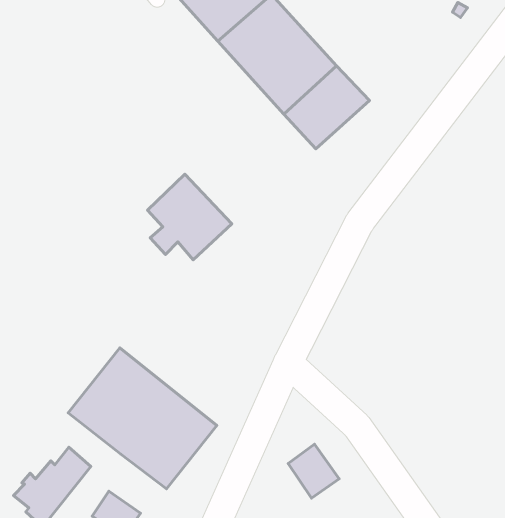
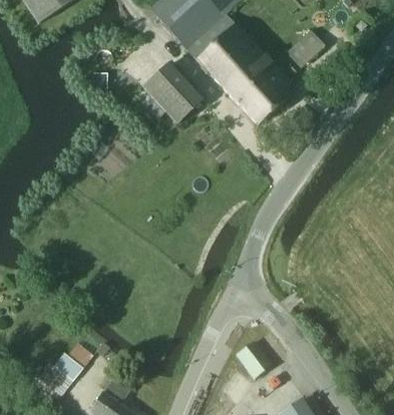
building: none -> [292,30,324,62]
building: [148,174,232,260] -> [143,61,205,123]
building: [68,348,217,489] -> none

